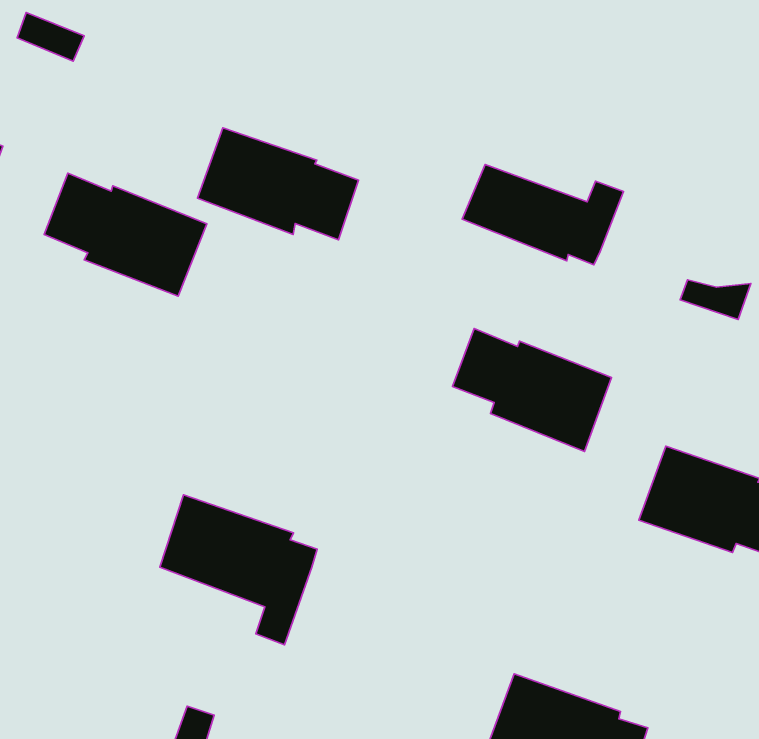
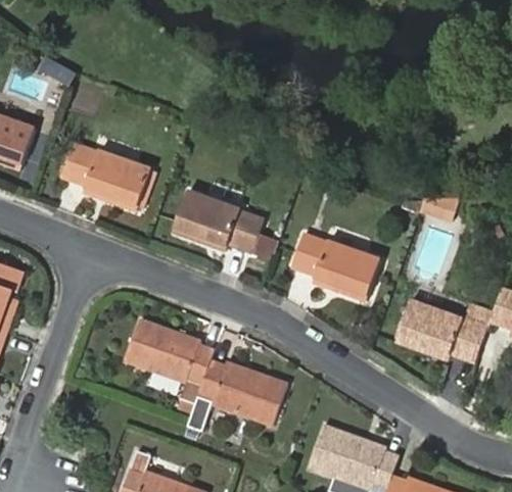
building: [198,128,358,240] -> [170,191,261,254]
building: [462,164,624,265] -> none
building: none -> [190,364,287,430]

